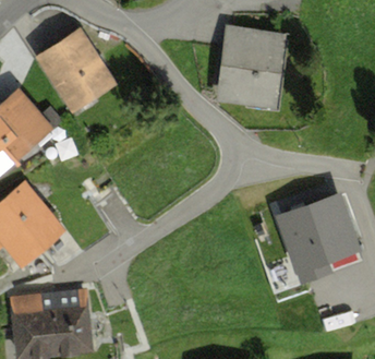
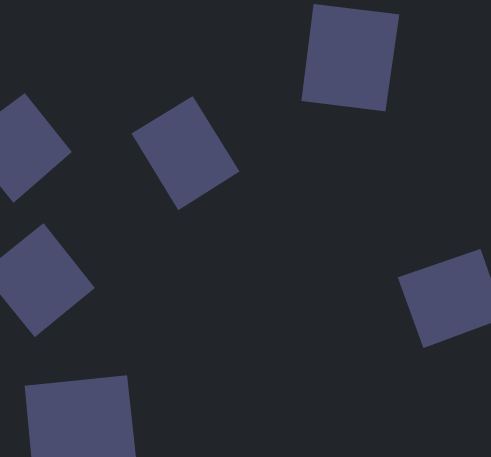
building: [36,27,114,110] -> [130,95,241,211]

